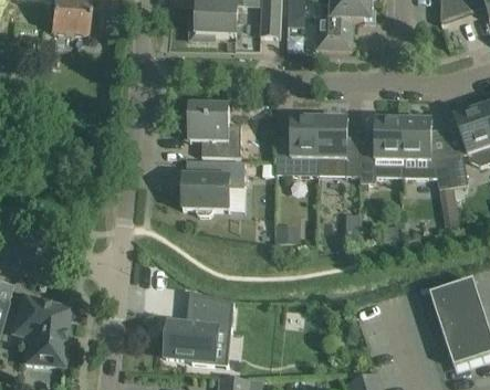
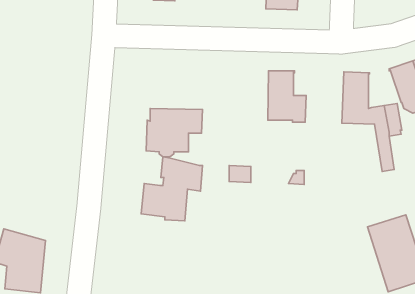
building: [184,99,240,156] -> none
building: [275,116,319,173] -> none
building: [359,118,403,181] -> none
building: [165,291,233,362] -> [141,157,202,221]

